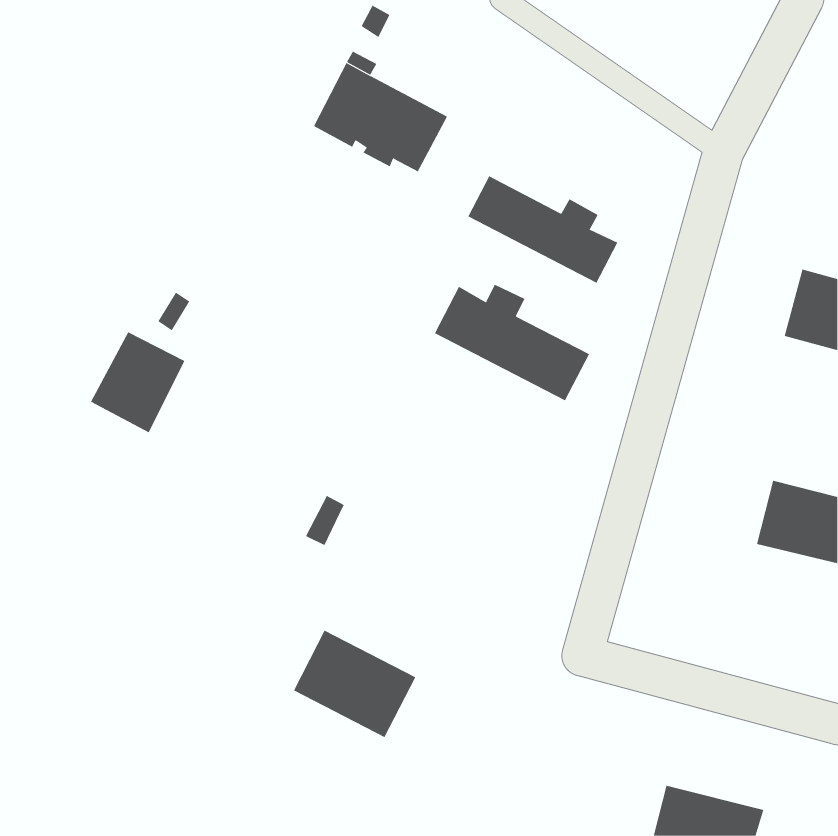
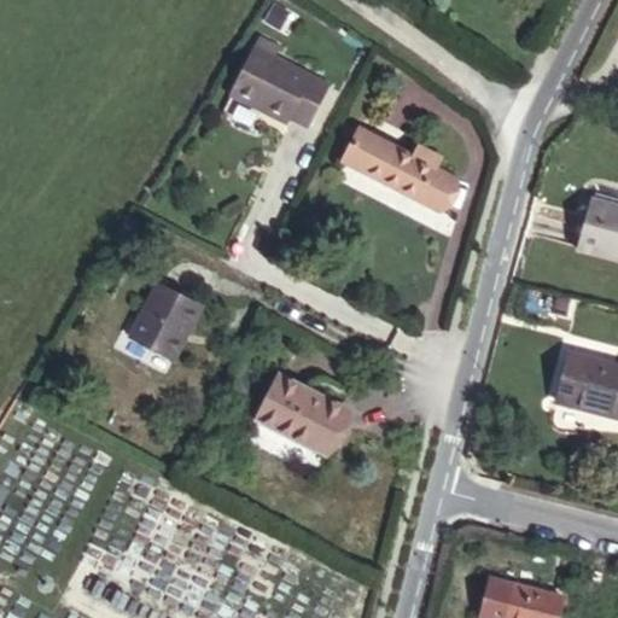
building: [434,284,590,401] -> none
building: [90,331,185,433] -> [130,284,200,358]
building: [293,630,416,738] -> [257,374,348,454]

